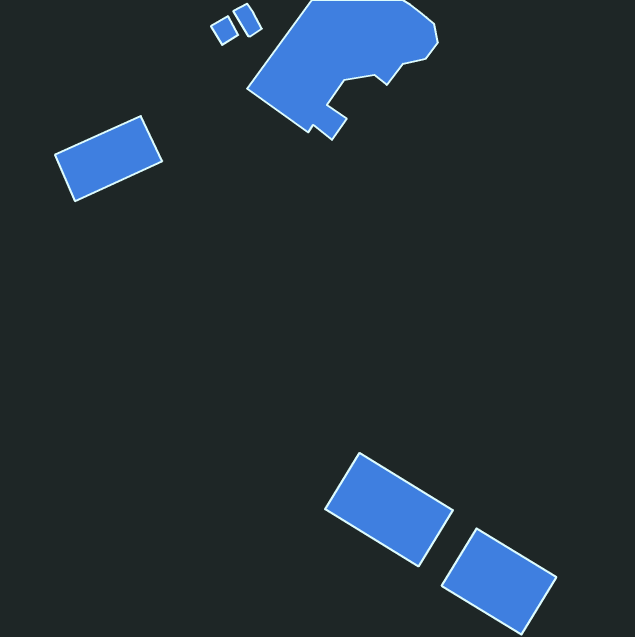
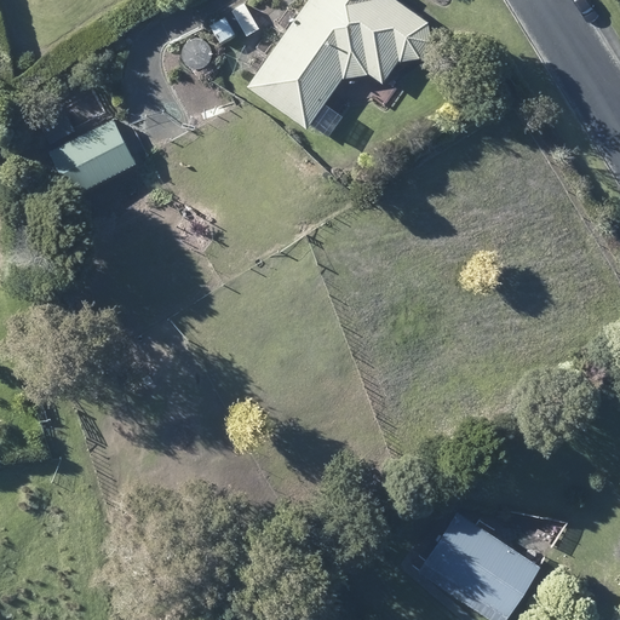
building: [325,453,453,566] -> none

